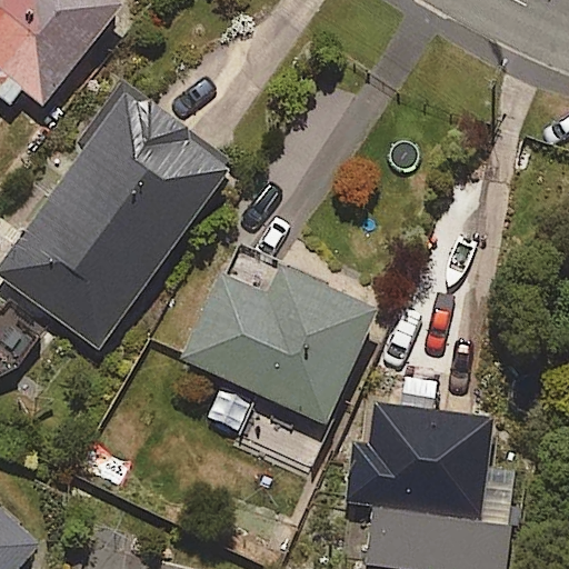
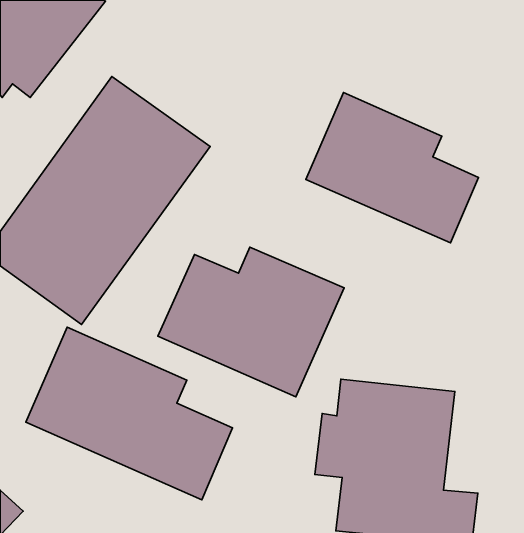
building: none -> [306,92,478,243]
building: none -> [26,327,232,500]

